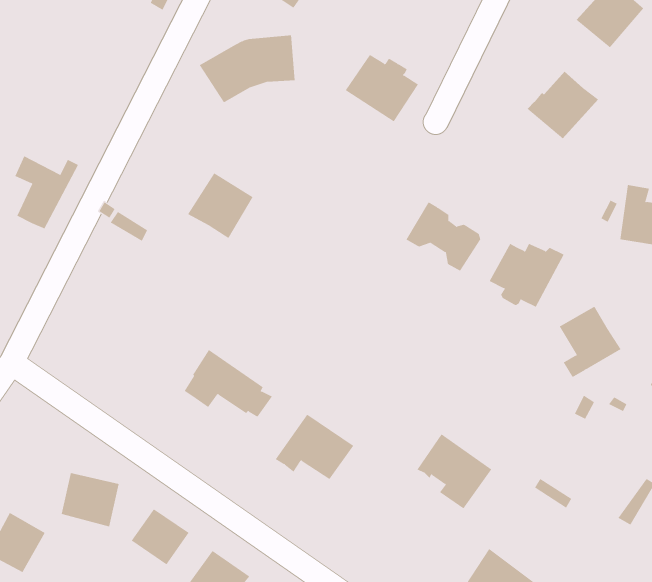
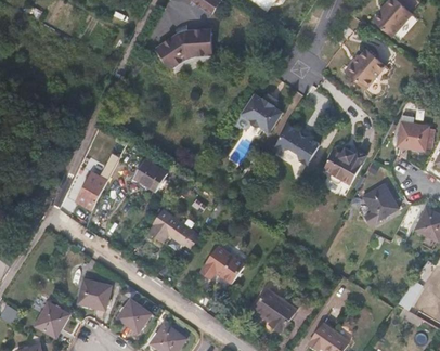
building: [345,54,419,122] -> [240,94,282,133]
building: [14,155,79,229] -> [74,168,111,210]
building: [187,173,253,239] -> [132,154,170,192]
building: [416,433,492,509] -> [253,289,296,333]

